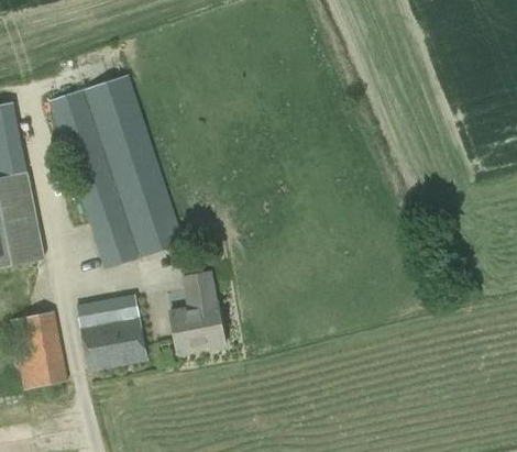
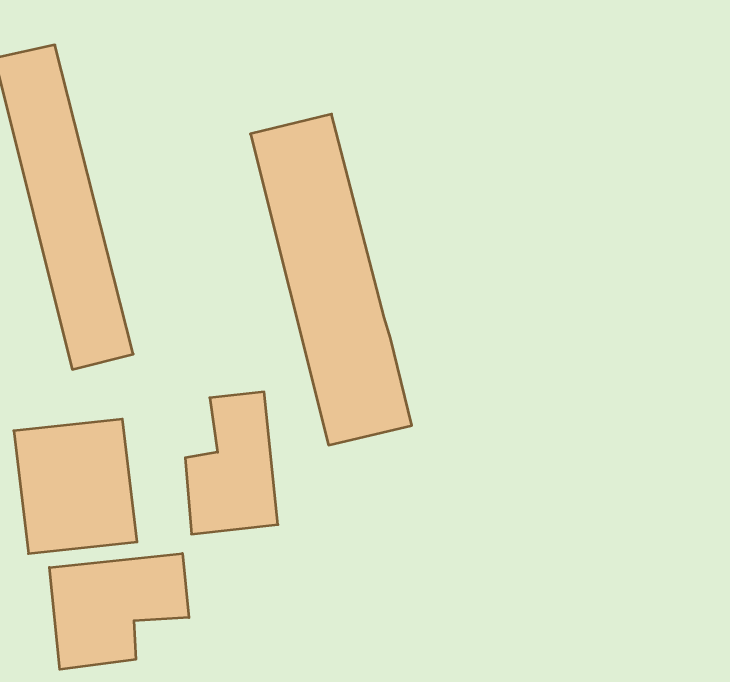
building: [84,74,185,256] -> [250,114,412,445]
building: none -> [49,553,189,669]

